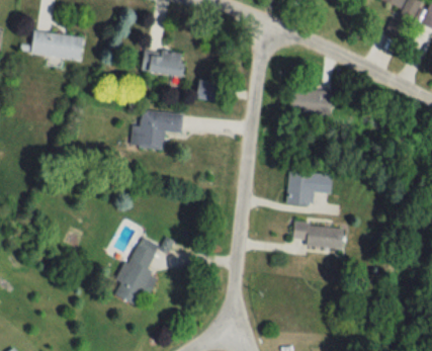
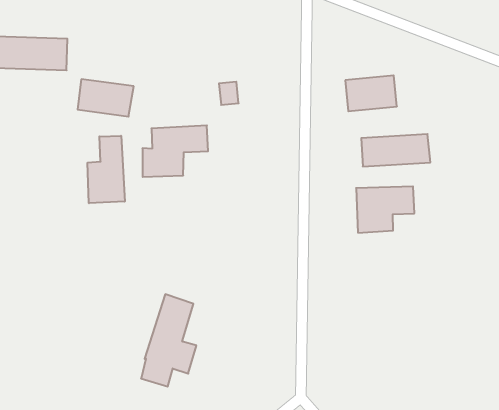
building: [140,48,183,79] -> [78,79,134,117]
building: none -> [88,136,125,203]
building: [292,225,343,248] -> [361,134,430,166]

